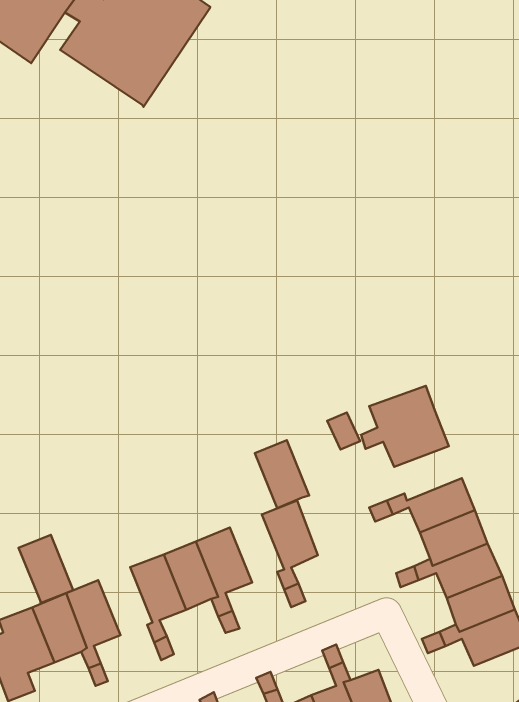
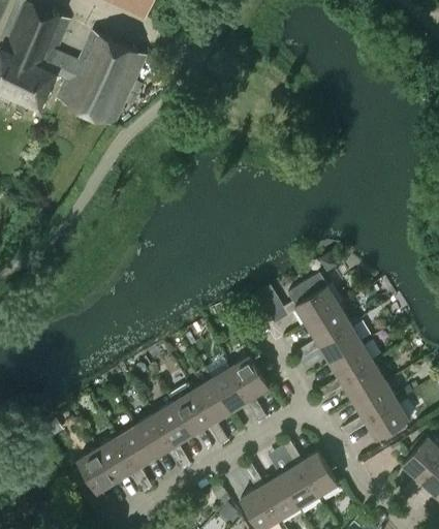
building: [255,440,309,508] -> [211,368,249,411]
building: none -> [307,306,350,344]
building: [19,535,73,603] -> [134,414,173,458]

